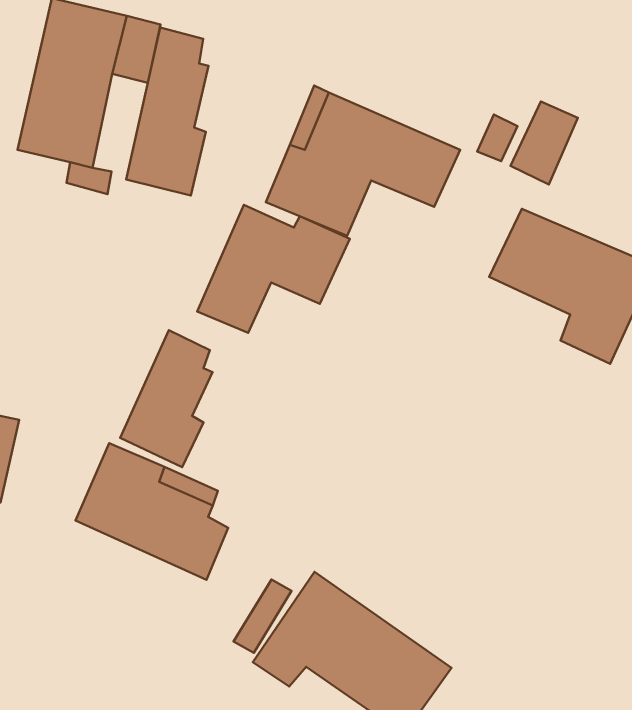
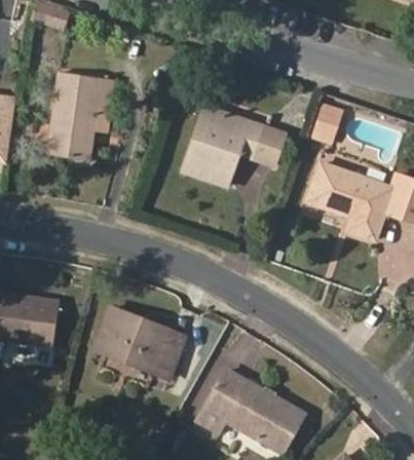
building: [126,27,208,196] -> none
building: [197,205,350,333] -> none
building: [120,330,212,467] -> none

